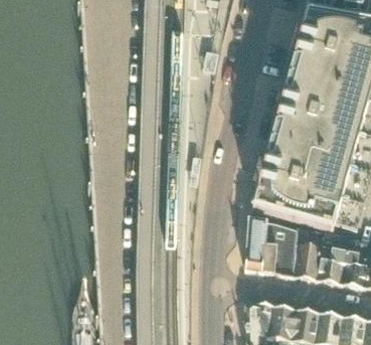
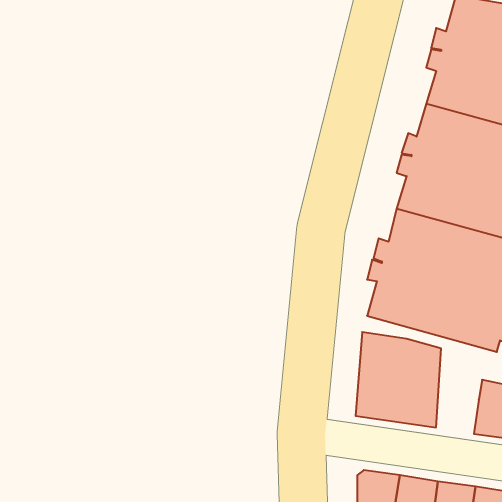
building: [296,224,324,279] -> none

